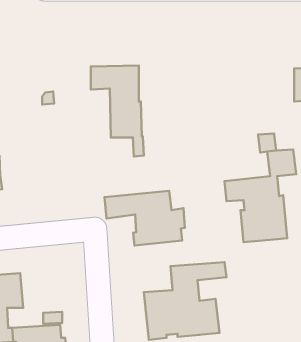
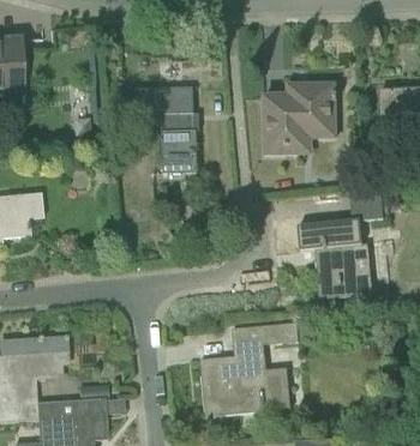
building: none -> [264,84,336,153]
building: [105,191,185,246] -> none

